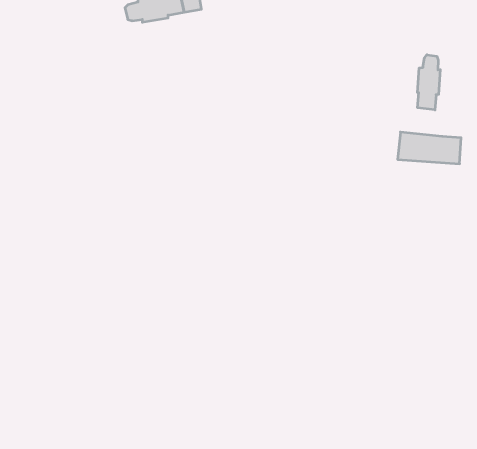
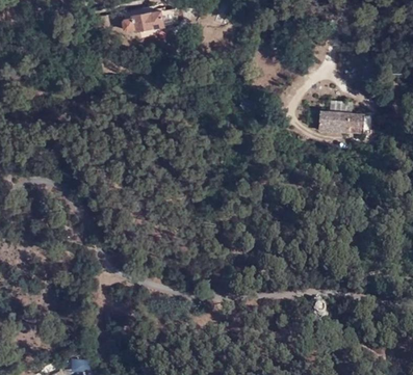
building: [418,55,440,110] -> none

